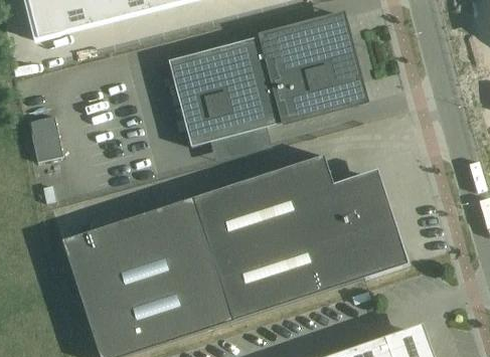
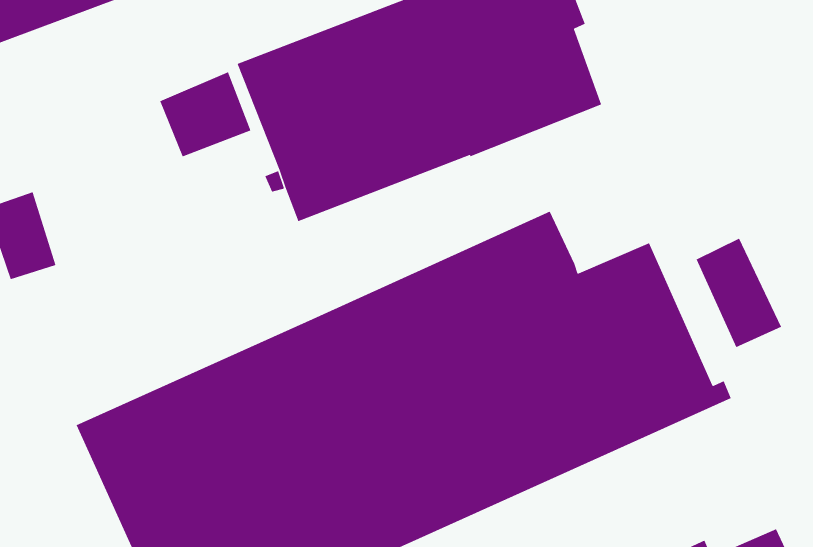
building: none -> [159,71,252,158]
building: none -> [696,238,782,348]

